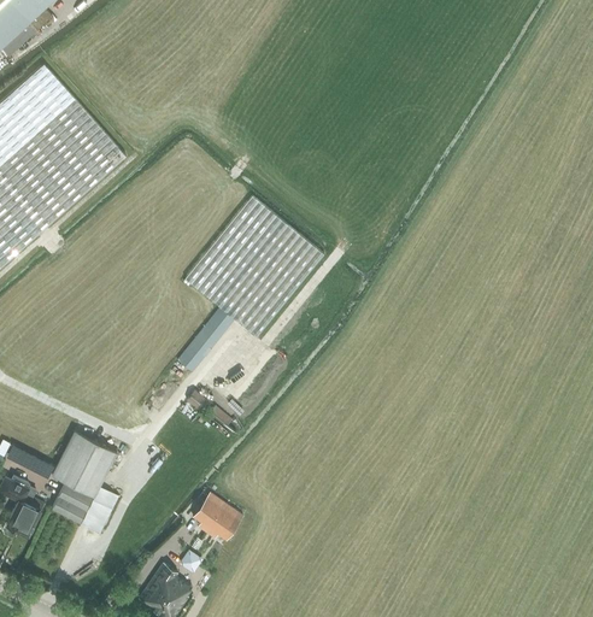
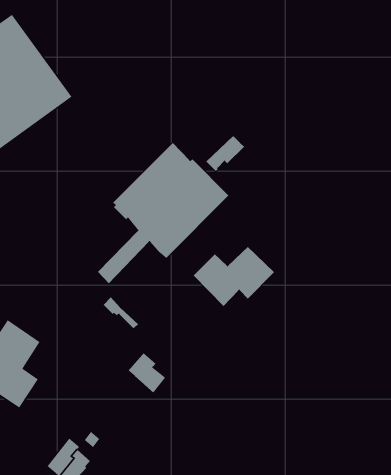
building: none -> [205,135,245,172]
building: none -> [193,246,275,307]
building: [192,492,239,540] -> [128,352,166,393]

